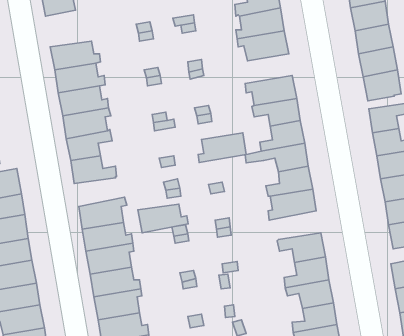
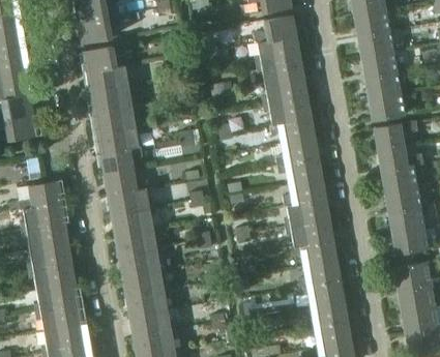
building: none -> [84,44,127,70]
building: [198,133,246,163] -> [262,77,305,103]
building: [138,204,188,233] -> [109,188,154,214]
building: none -> [285,218,331,244]

